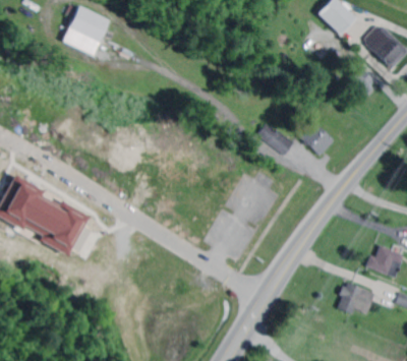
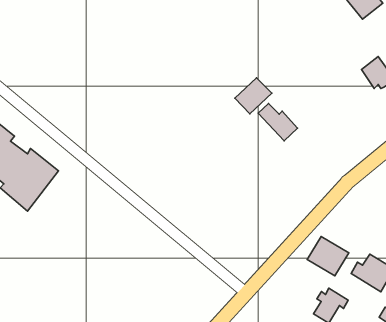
building: none -> [235,78,272,114]
building: [299,120,335,156] -> none
building: none -> [307,237,349,276]

